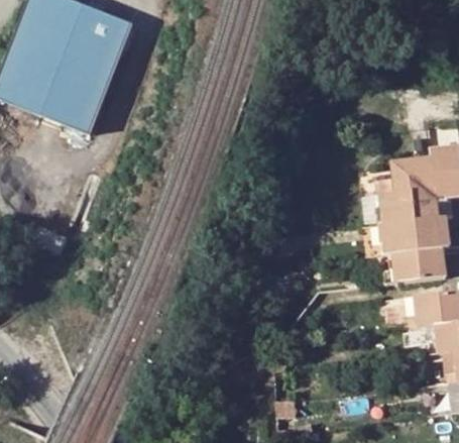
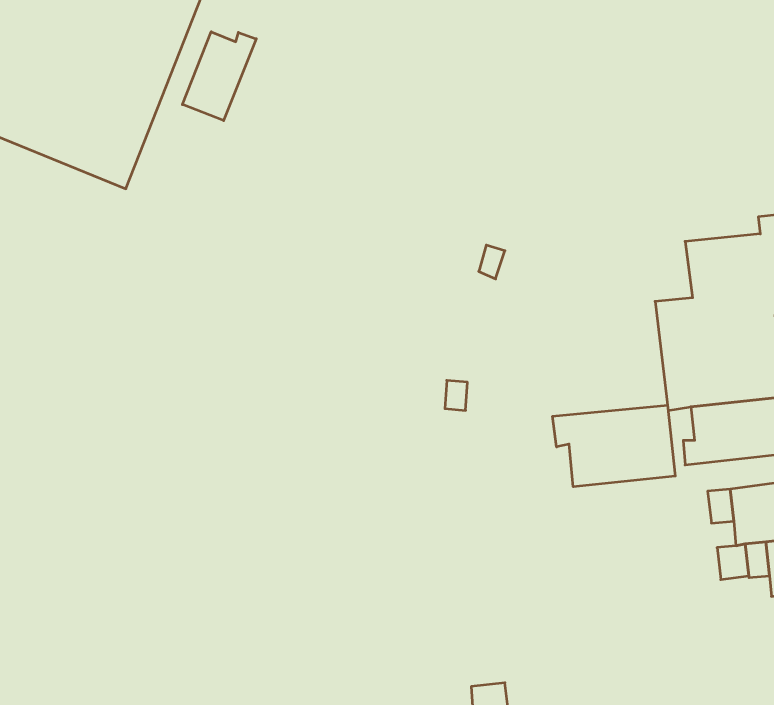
building: none -> [182,32,256,121]
building: none -> [553,405,675,487]

